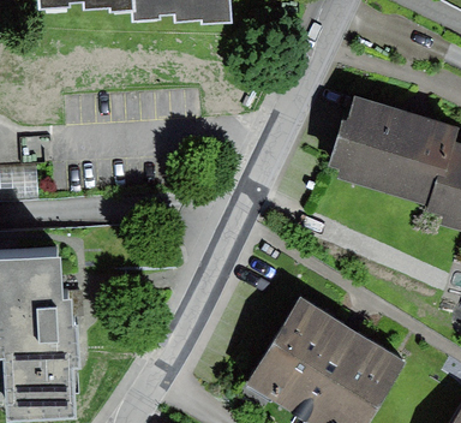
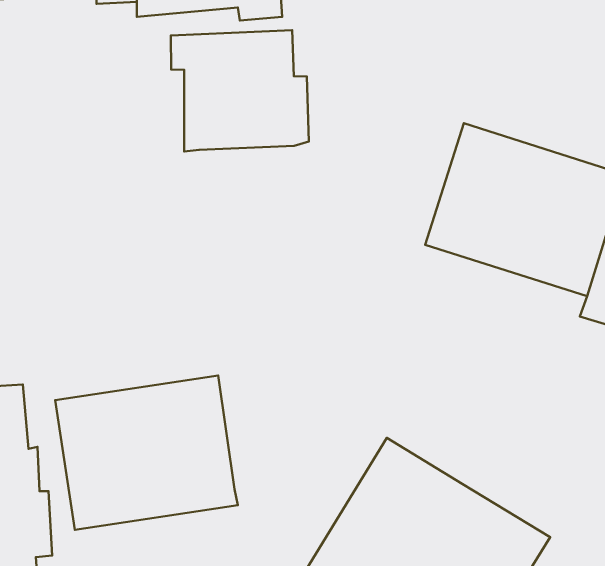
building: none -> [171,30,309,151]
building: none -> [55,376,238,530]

